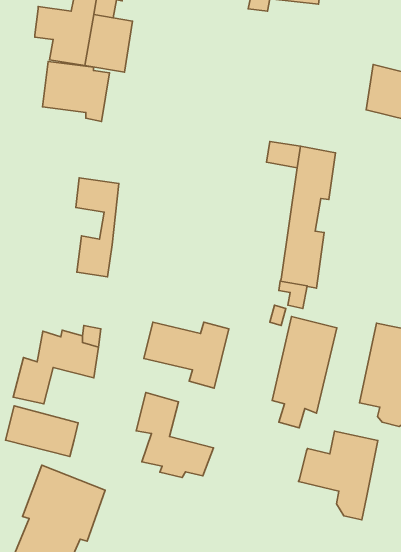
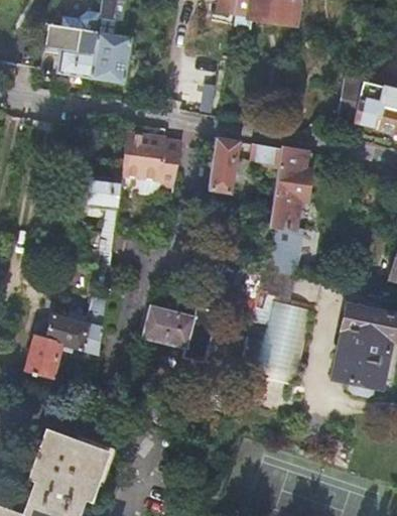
building: [43,61,110,122] -> [121,133,180,186]
building: none -> [208,137,240,195]
building: [136,393,213,477] -> none
building: [5,406,78,457] -> none
building: [299,431,378,520] -> none

